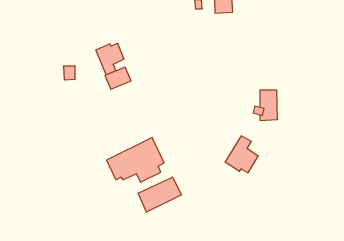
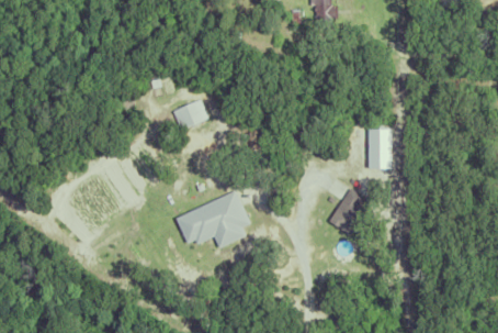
building: [96,43,124,75] -> none
building: [138,177,181,212] -> none

